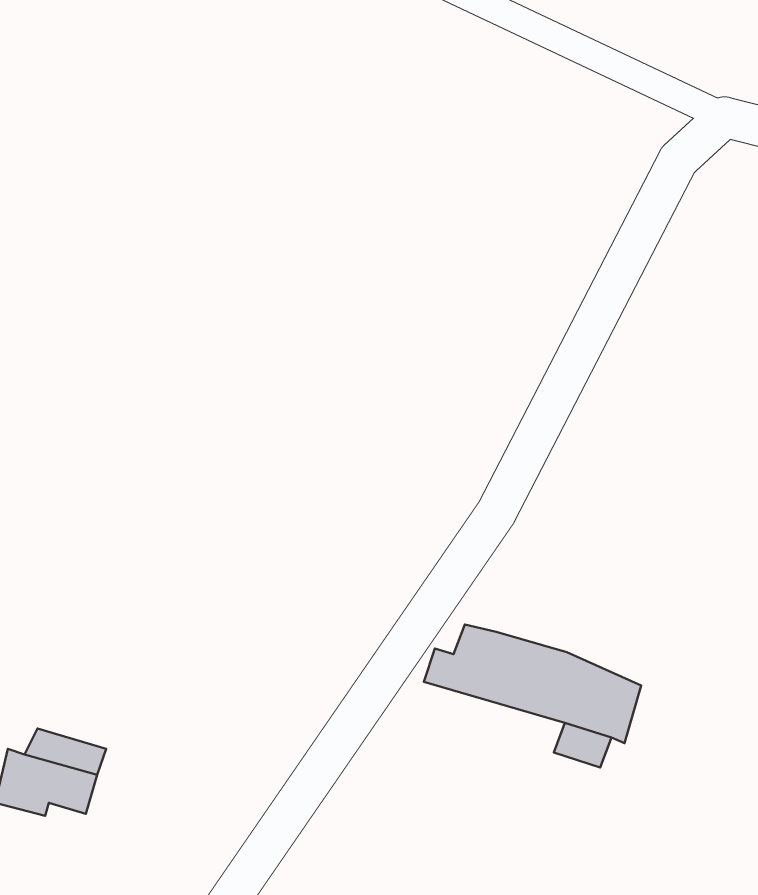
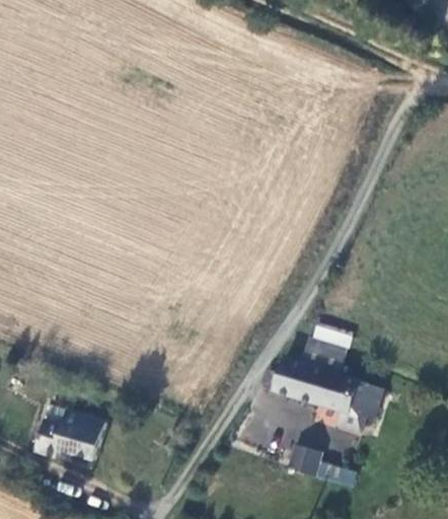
building: none -> [304,324,352,371]
building: none -> [291,447,343,484]

